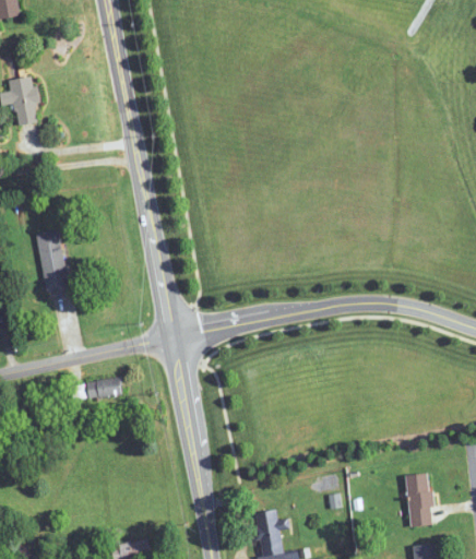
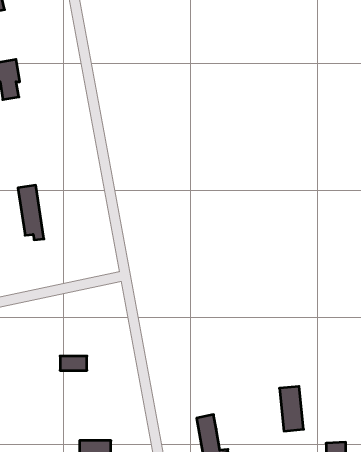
building: [87,380,120,397] -> [60,356,87,370]
building: [404,474,433,528] -> [279,386,304,431]

